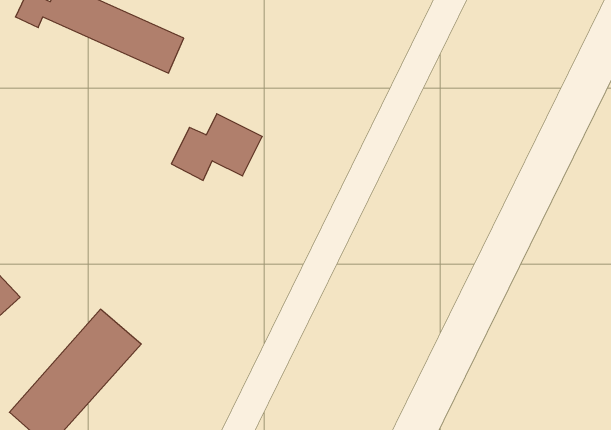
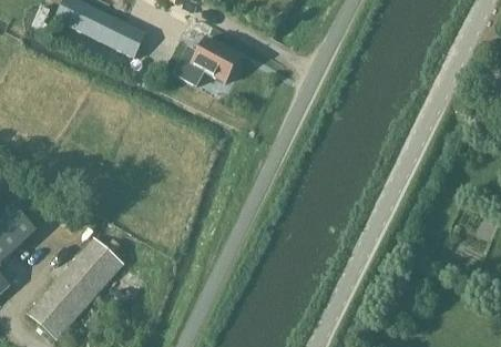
building: [171,114,262,180] -> [174,37,241,85]

